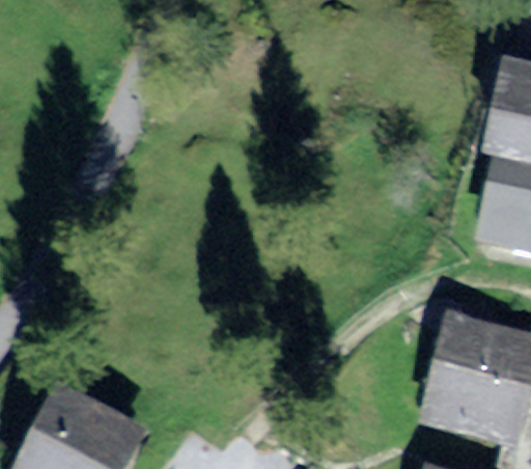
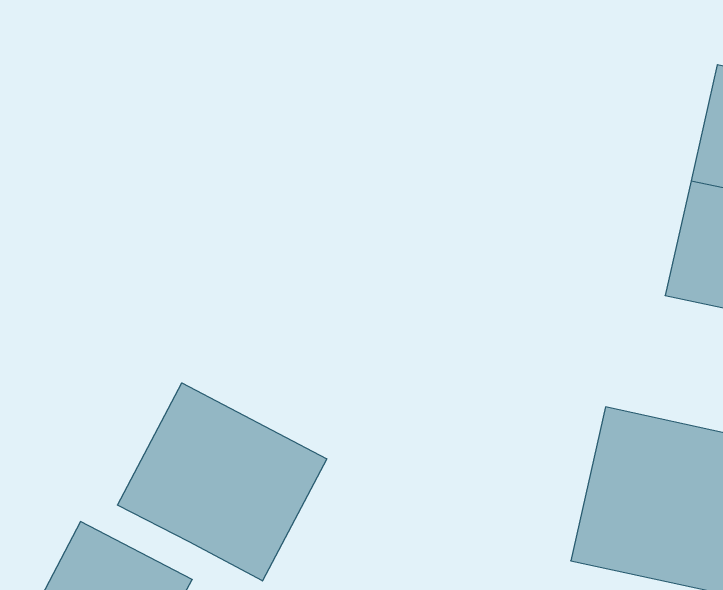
building: none -> [117,383,327,581]

